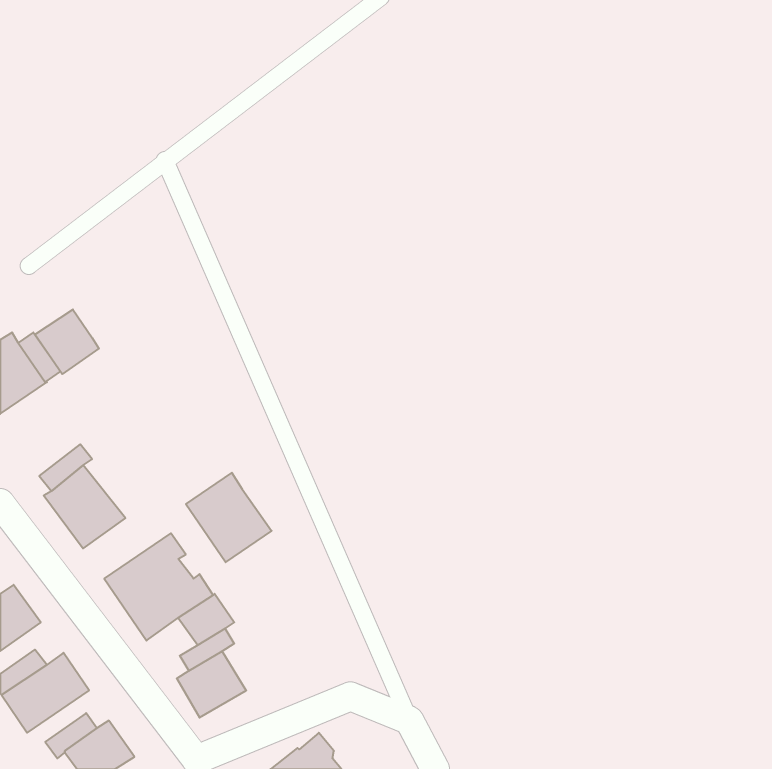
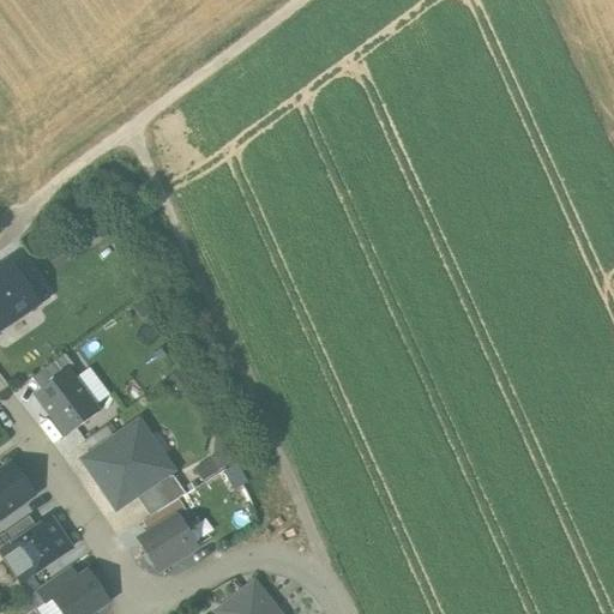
building: [35,309,99,374] -> none
building: [186,473,272,562] -> none

